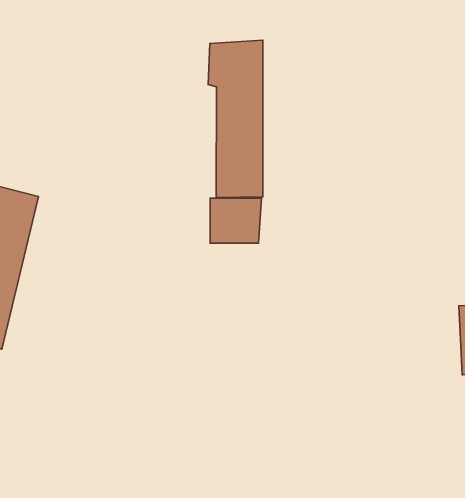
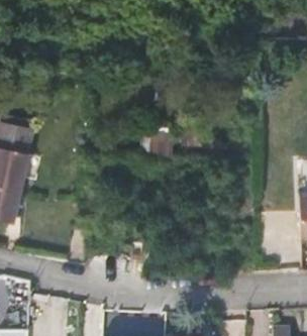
building: [208,40,263,197] -> none

